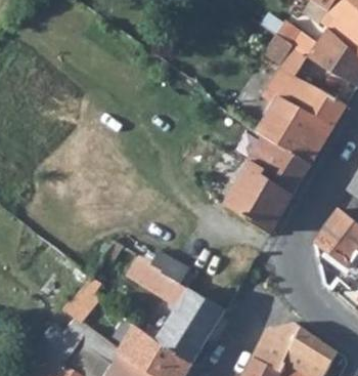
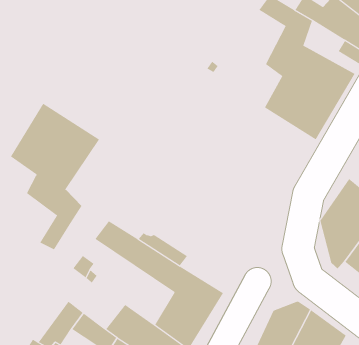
building: none -> [10,103,100,250]
building: [226,134,310,234] -> none

